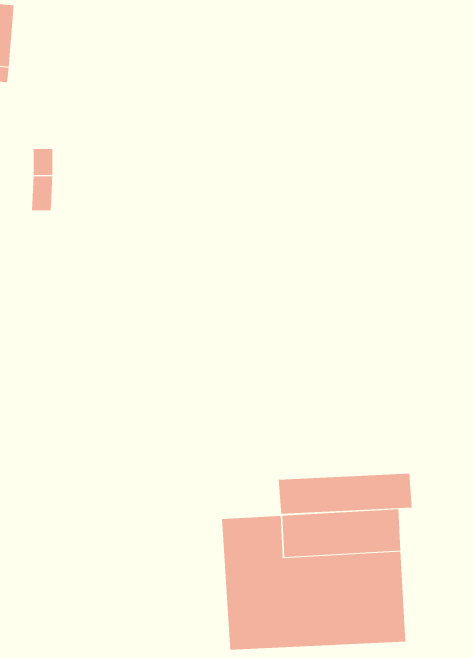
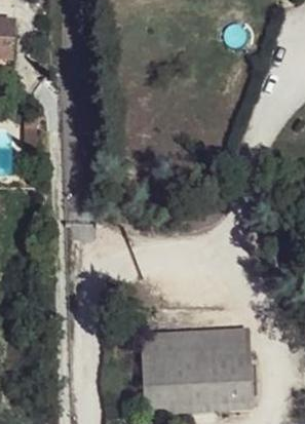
building: [278,473,412,514] -> none

